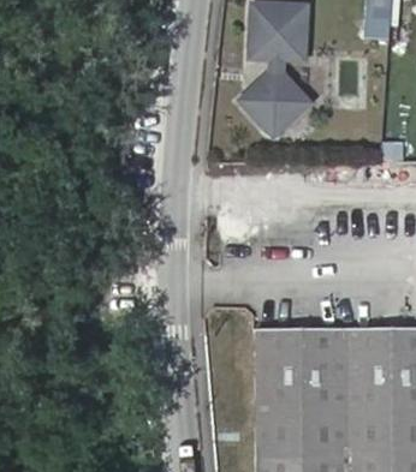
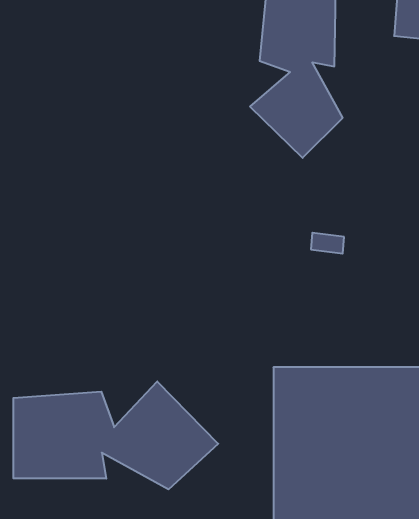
building: none -> [13,381,218,489]

